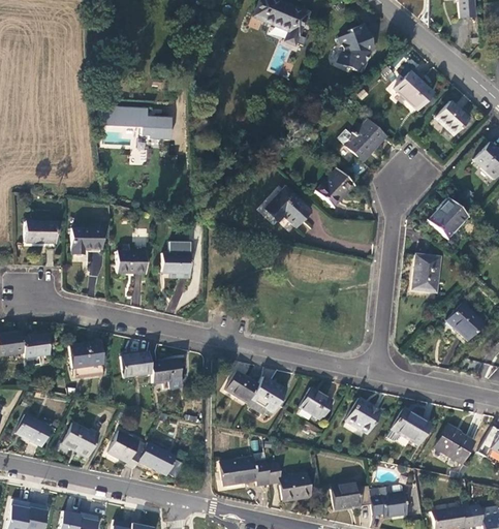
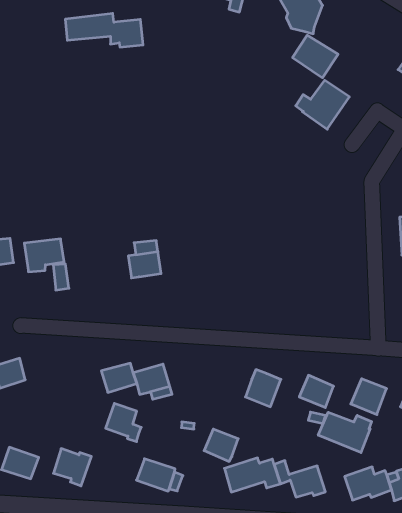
building: [393,70,435,112] -> [293,35,338,78]
building: [102,106,173,141] -> [65,13,143,47]
building: [314,167,354,208] -> none
building: [262,186,312,228] -> none
building: [116,250,146,274] -> none
building: [70,342,104,368] -> none
building: [226,371,259,403] -> [204,429,238,461]
building: none -> [318,412,372,453]
building: [110,430,143,468] -> [106,403,141,442]

